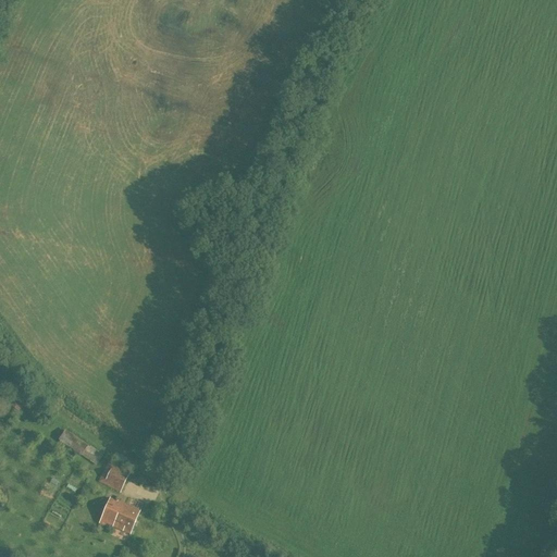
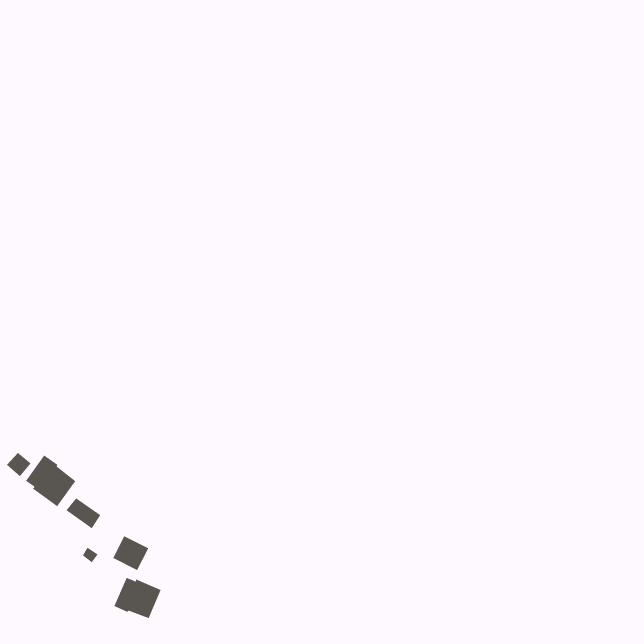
building: none -> [25,455,76,507]

